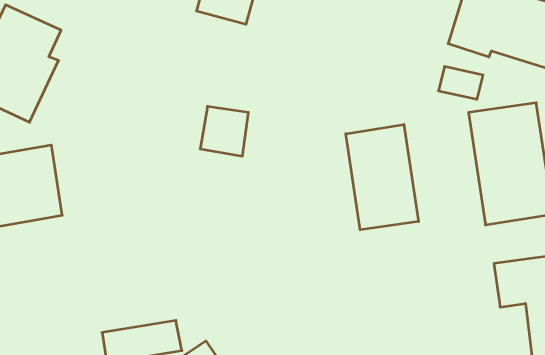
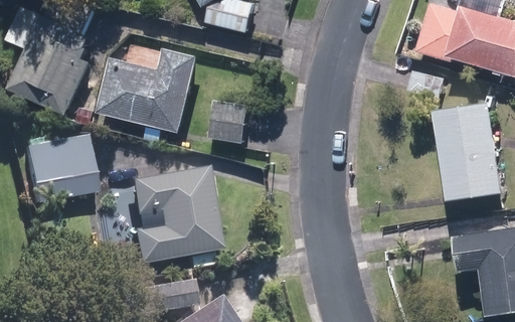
building: none -> [98,47,199,133]
building: [346,124,419,230] -> none
building: none -> [126,168,215,266]

